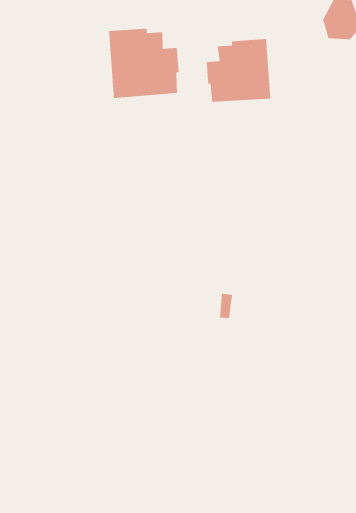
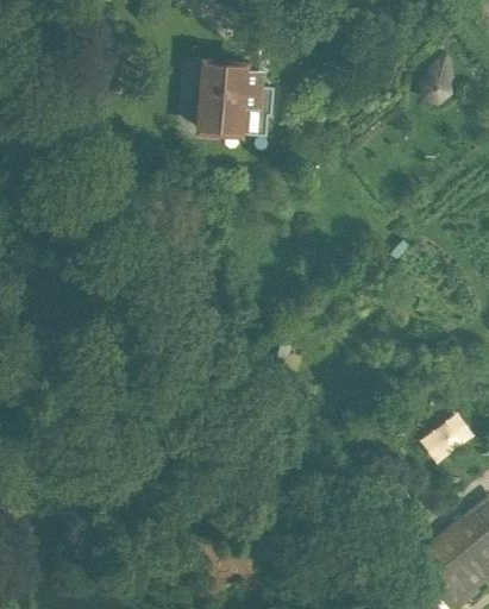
building: [206,38,271,102] -> none

